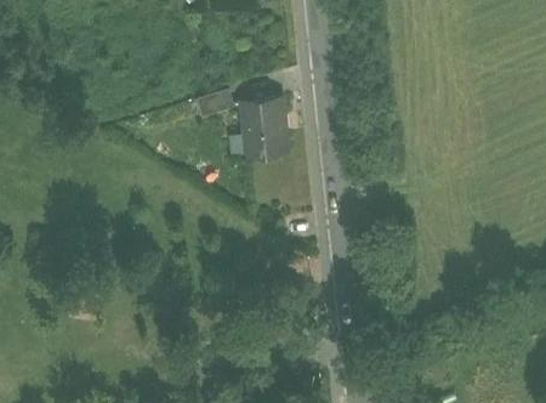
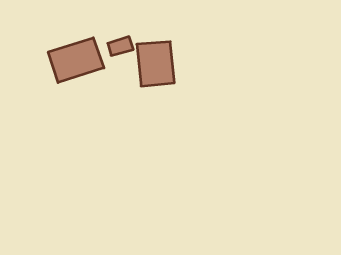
building: none -> [48,38,104,83]

